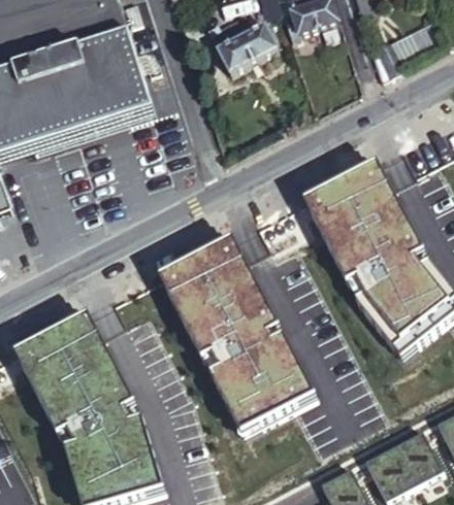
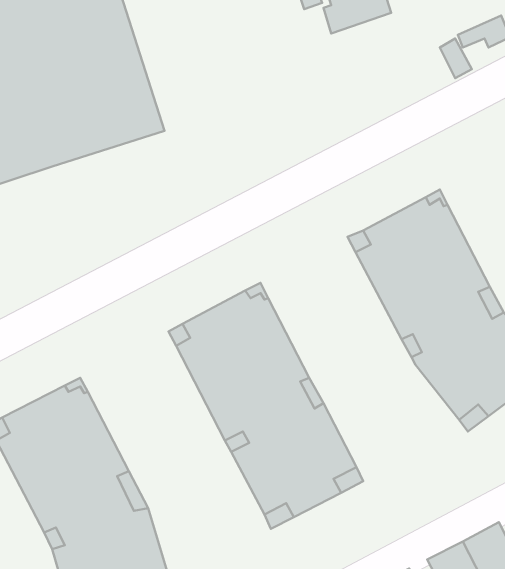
building: [203,14,275,74] -> none

